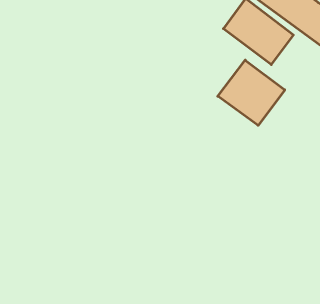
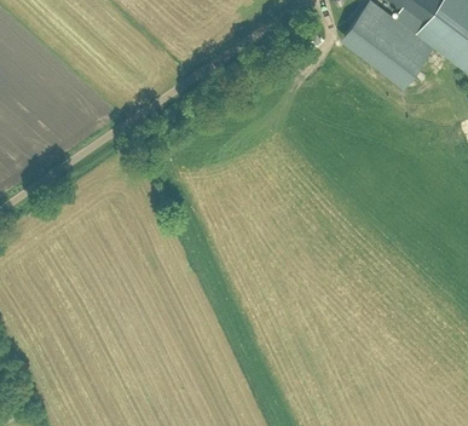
building: [218,60,285,125] -> none

